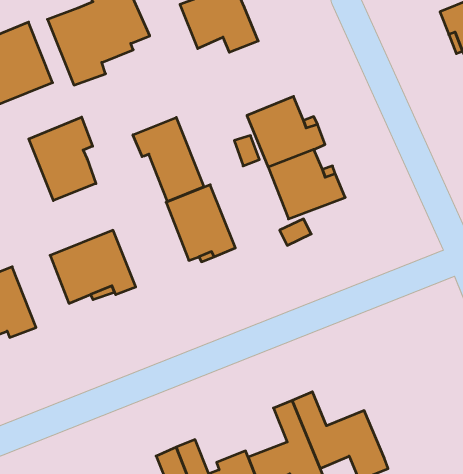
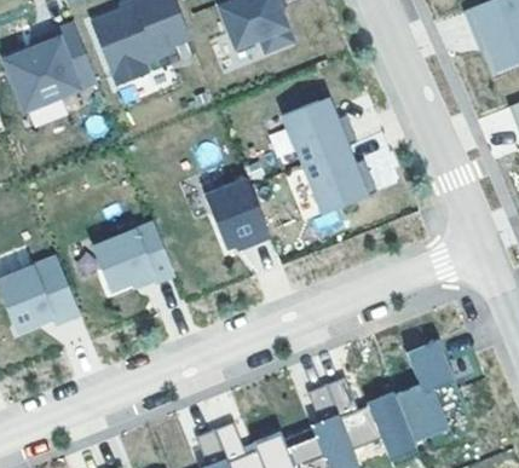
building: [29,117,96,201] -> none
building: [133,117,204,202] -> none
building: none -> [393,341,462,441]

